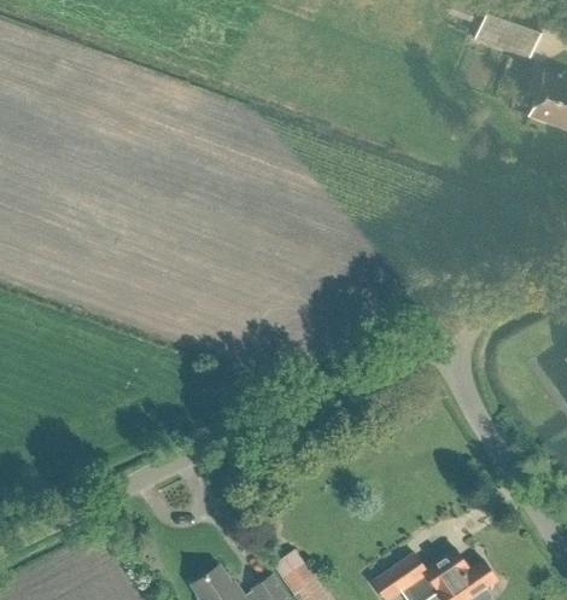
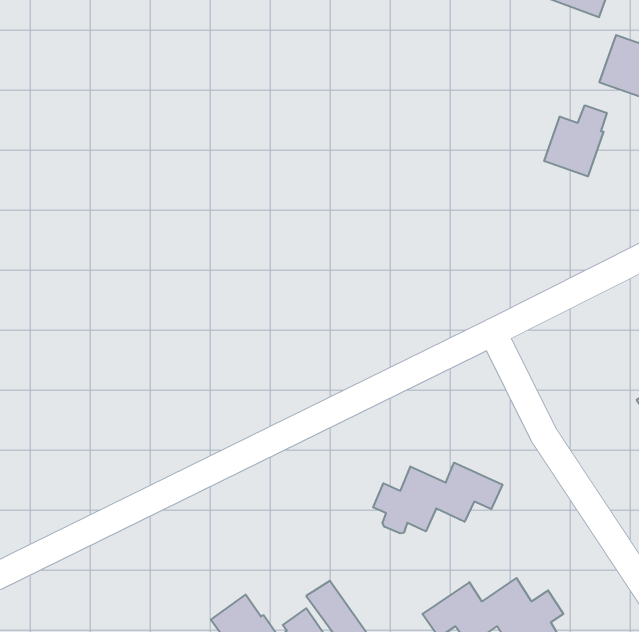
building: none -> [544,105,607,176]
building: none -> [373,463,502,533]

